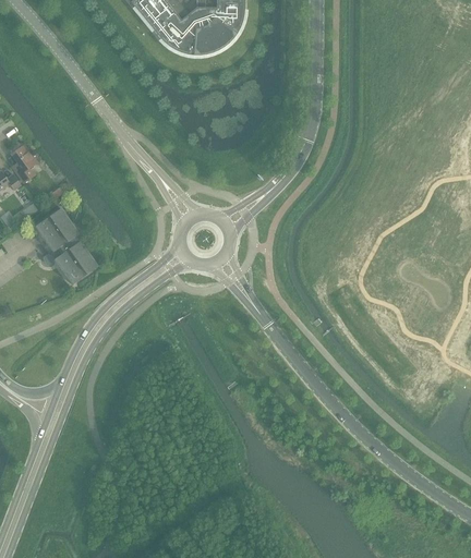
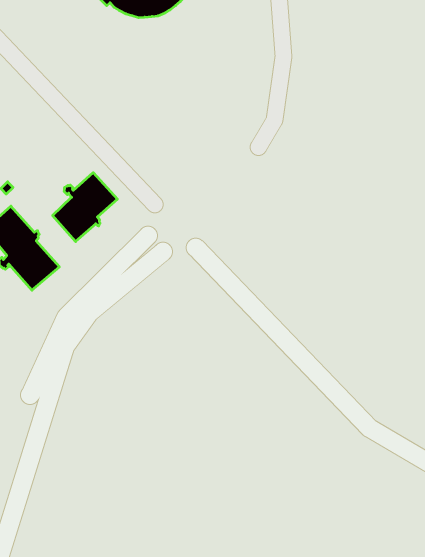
building: none -> [53,173,117,242]

